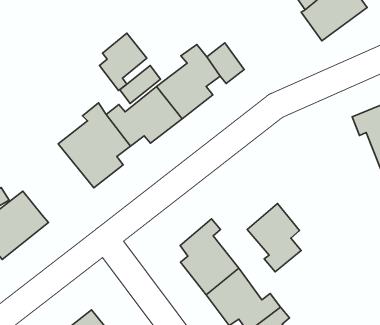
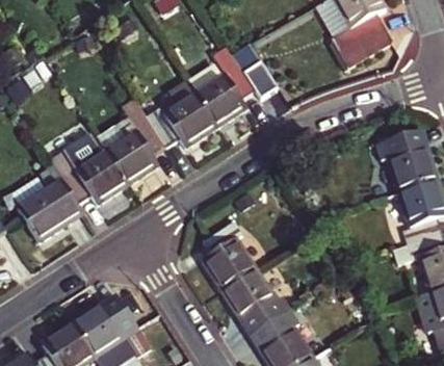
building: [100,33,147,90] -> none
building: none -> [50,132,128,203]
building: [247,204,301,272] -> none

